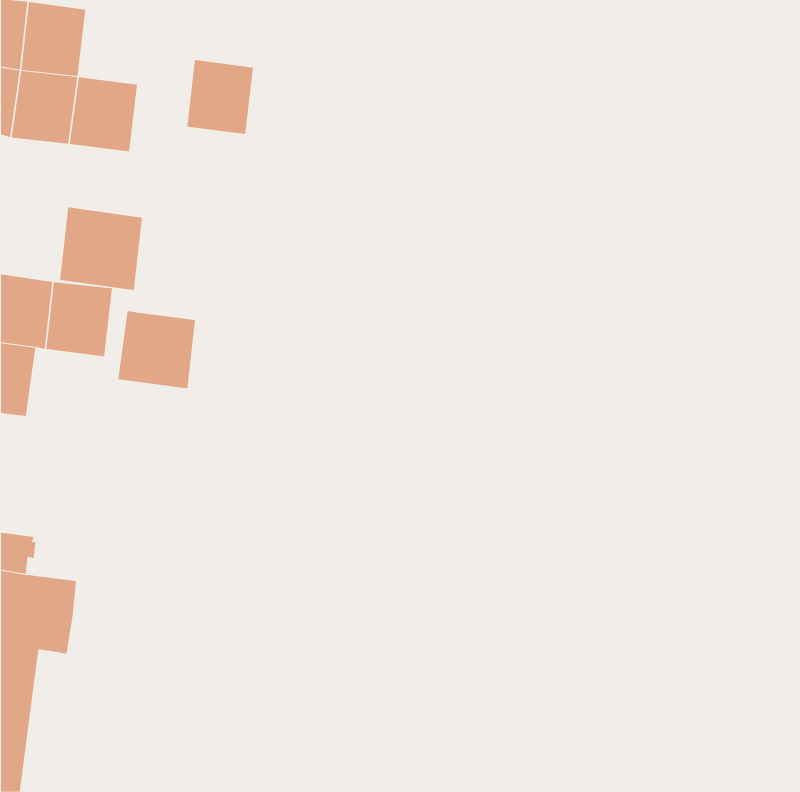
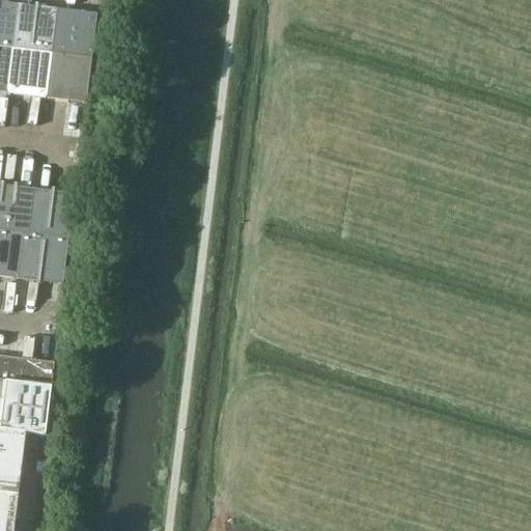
building: [186,60,254,135] -> [52,6,96,56]
building: [59,207,142,291] -> none
building: [118,311,196,389] -> [18,230,69,282]
building: none -> [18,356,54,385]

